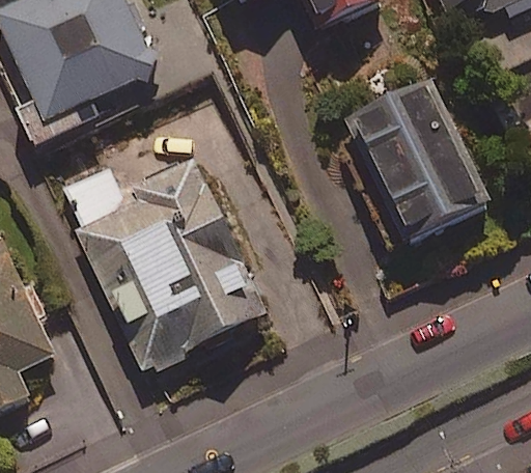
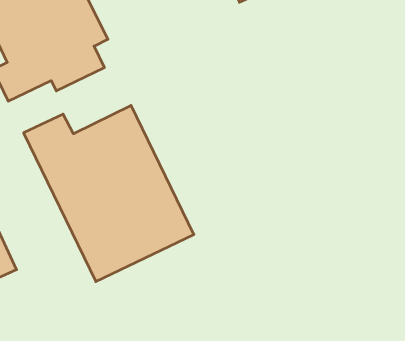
building: [348,86,481,244] -> none

